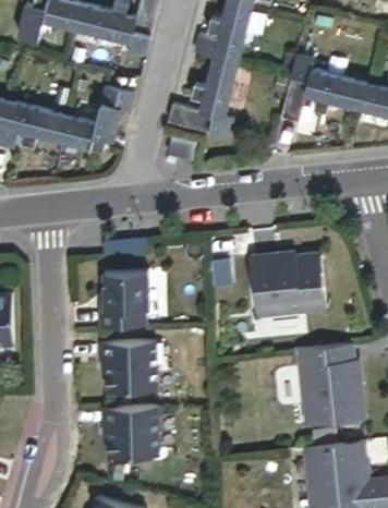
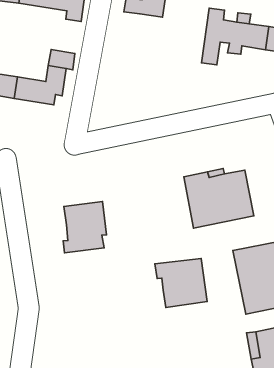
building: [170,57,242,137] -> none
building: [100,342,157,396] -> [155,258,207,307]
building: [102,408,158,460] -> none

